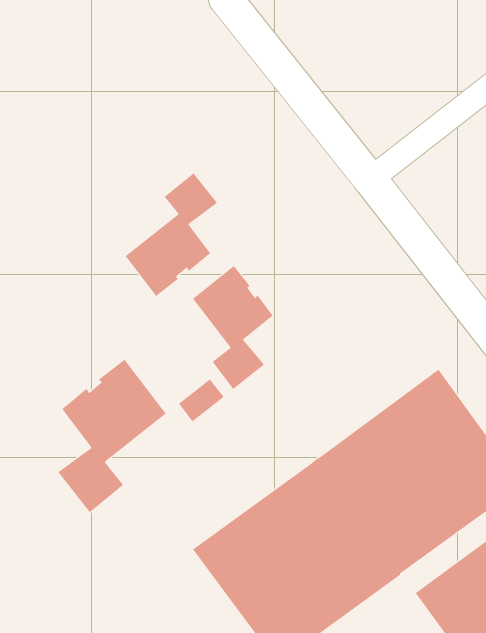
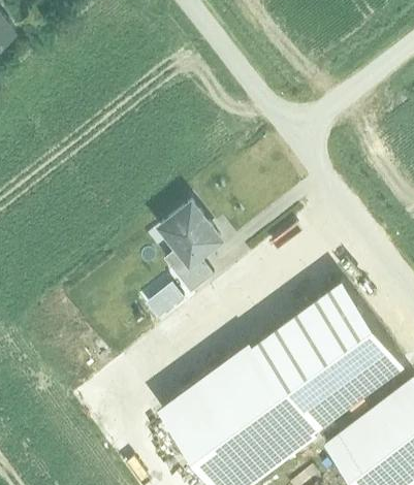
building: [125,172,218,297] -> none
building: [57,359,167,513] -> none

